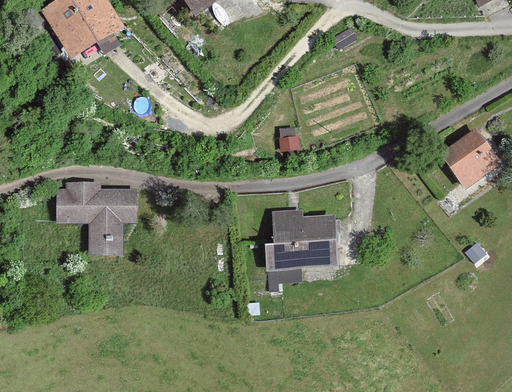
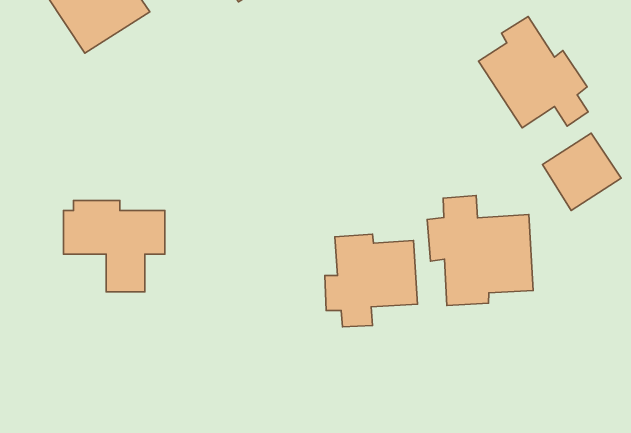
building: none -> [479,16,588,128]
building: none -> [427,196,533,305]

